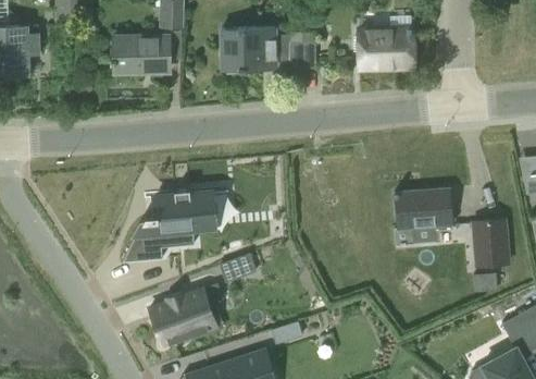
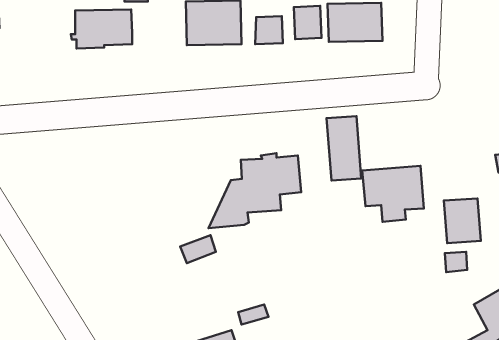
building: none -> [294,6,322,39]
building: none -> [326,116,361,181]
building: [124,190,214,262] -> [208,153,301,228]
building: [150,284,223,345] -> none

